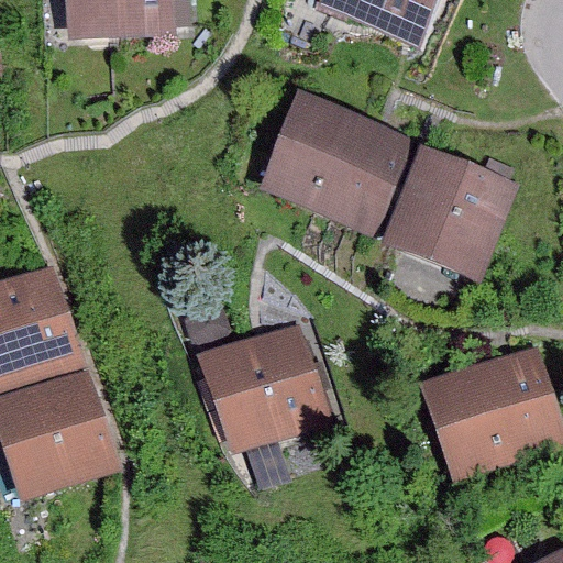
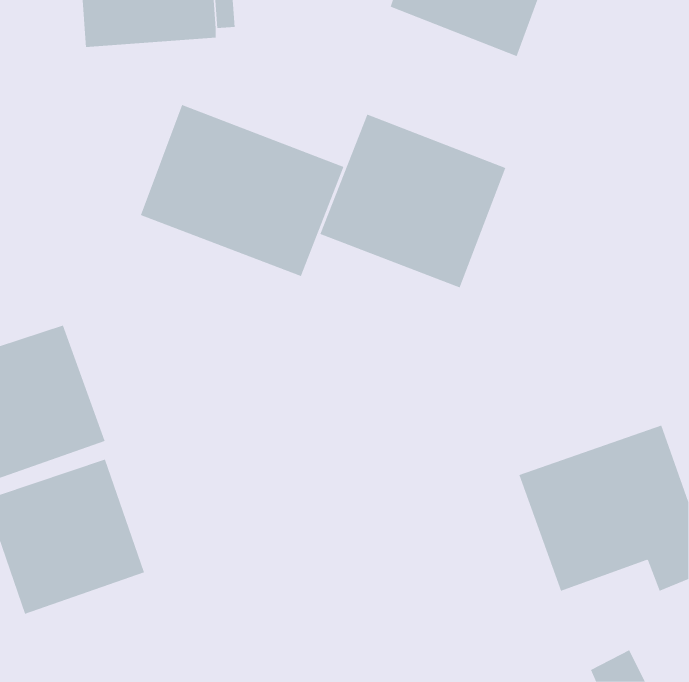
building: none -> [140,104,344,277]
building: [383,147,517,280] -> none
building: [199,323,330,488] -> none

